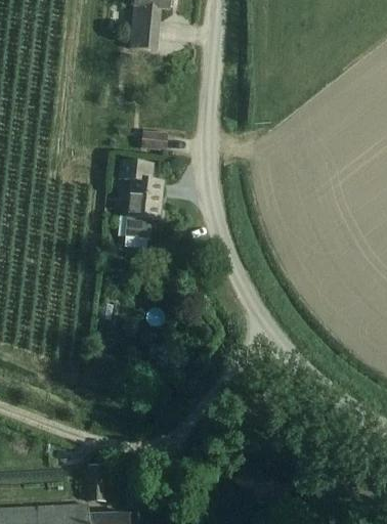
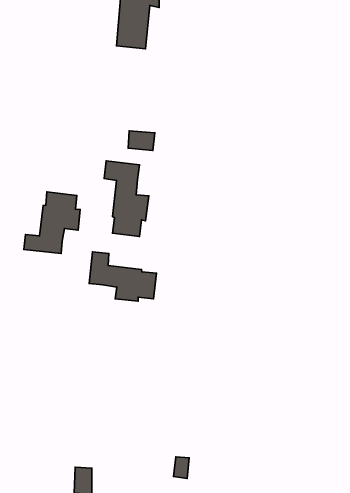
building: none -> [24,192,80,253]
building: none -> [89,252,156,301]

